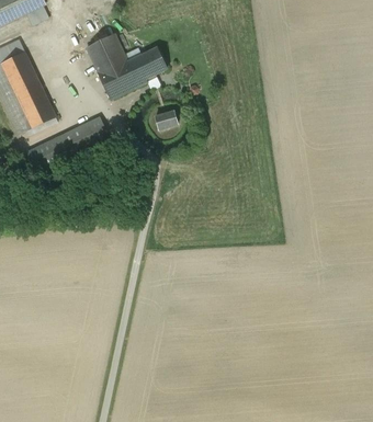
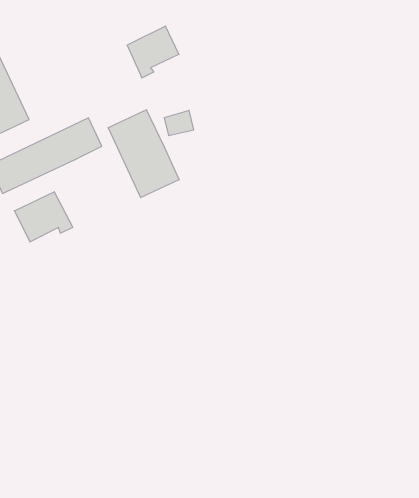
building: [88,34,140,99] -> [108,110,179,197]
building: none -> [14,192,73,242]

